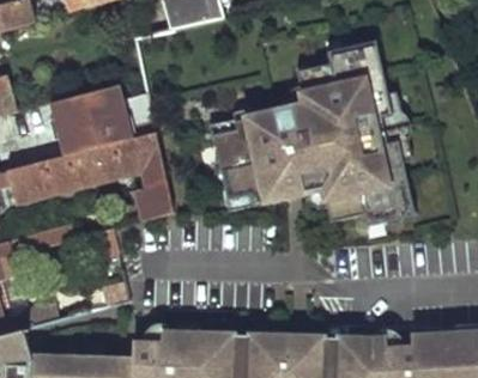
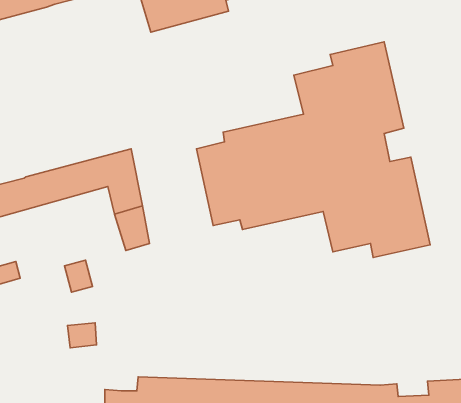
building: [49,86,155,158] -> none

